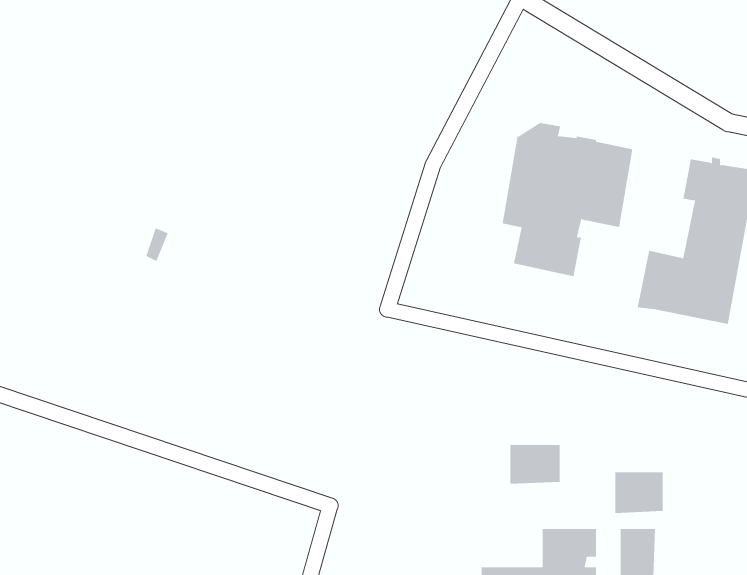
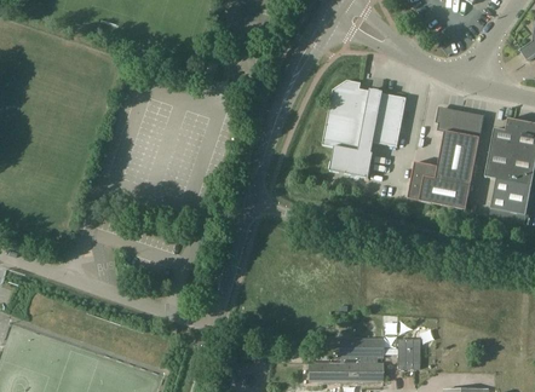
building: [510,444,560,485] -> none
building: [615,472,663,514] -> none

